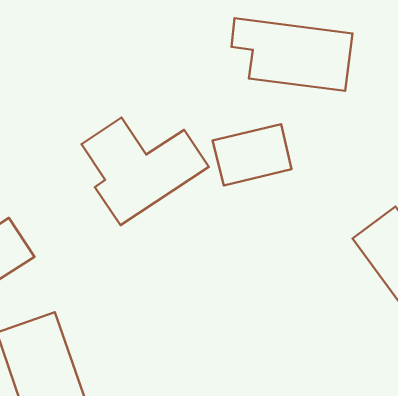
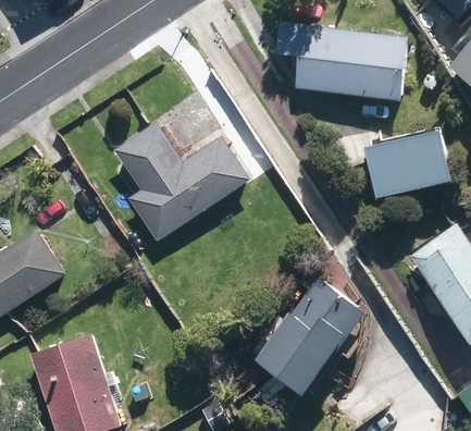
building: [212,124,291,186] -> [363,132,447,197]
building: none -> [261,281,375,402]

